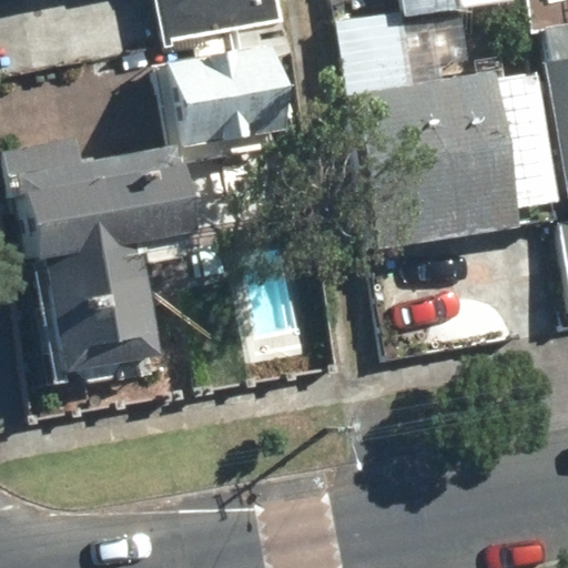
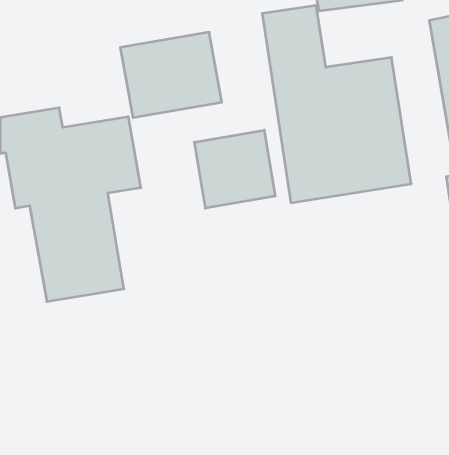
building: none -> [194,130,275,208]

